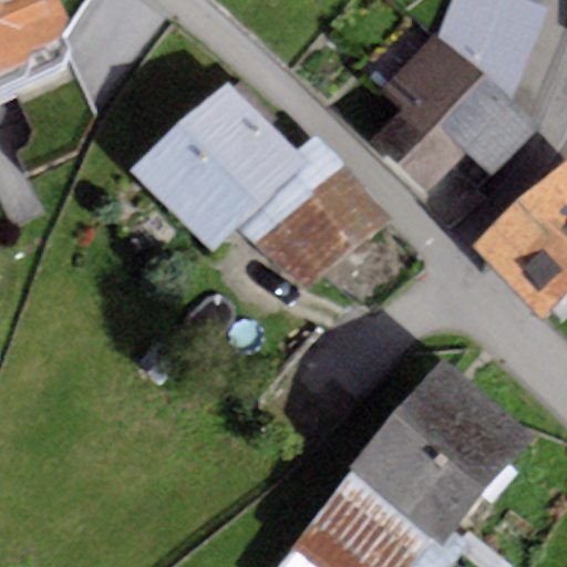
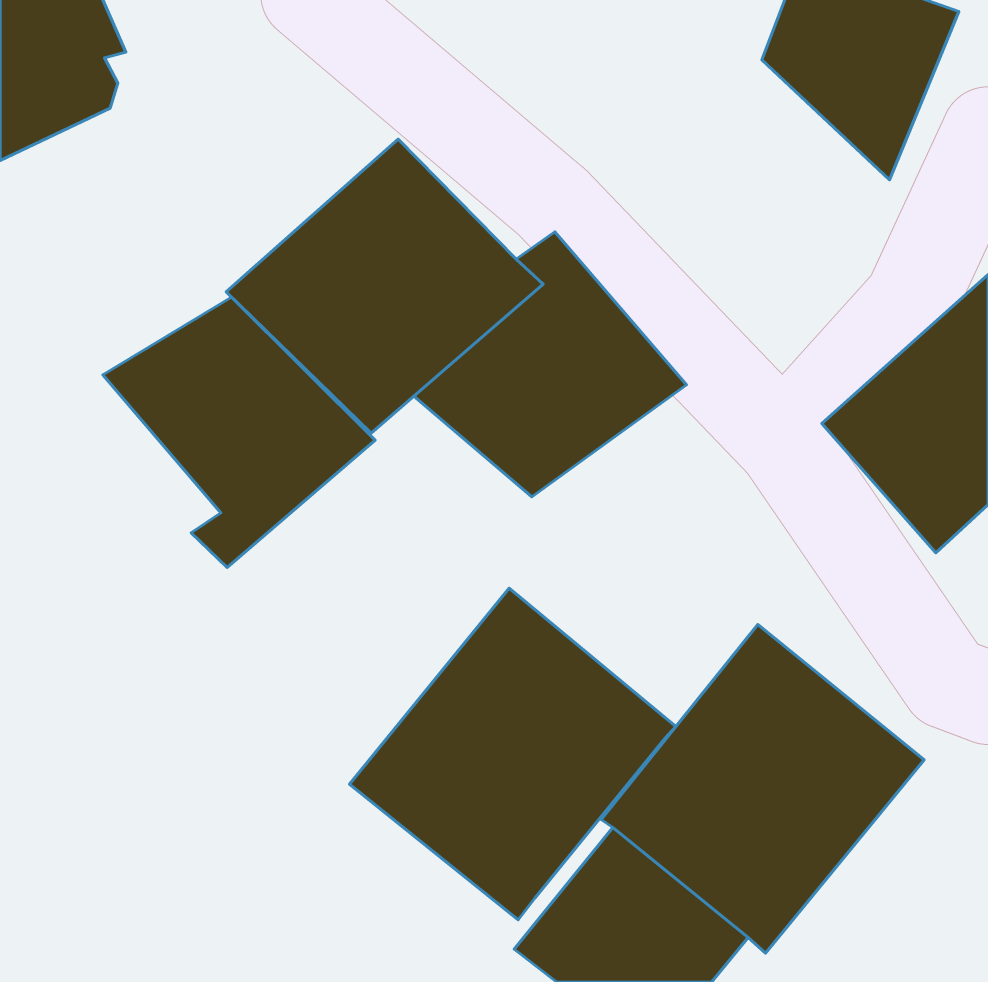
building: [372,34,537,218] -> none
building: none -> [103,297,375,568]
building: none -> [350,588,676,920]

